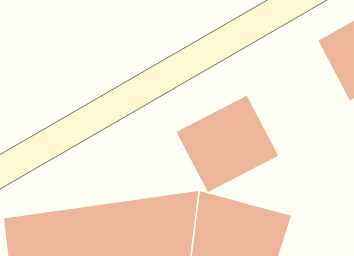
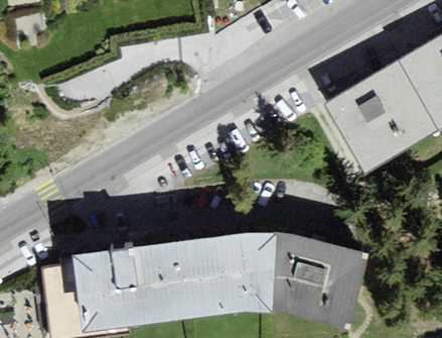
building: [176,95,279,193] -> [317,57,435,168]

